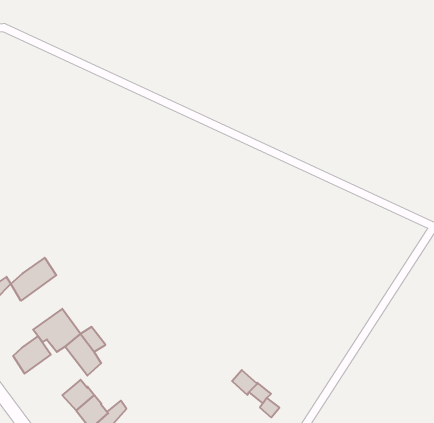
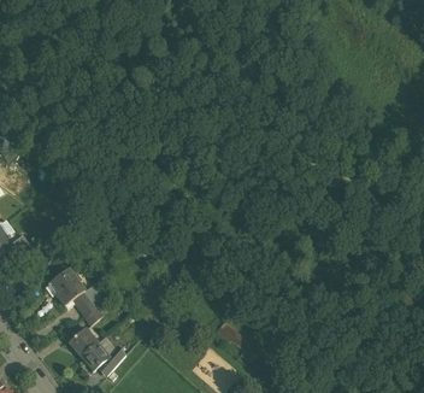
building: [11,258,56,301] -> none
building: [13,336,51,374] -> none

